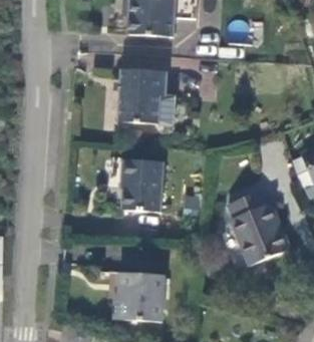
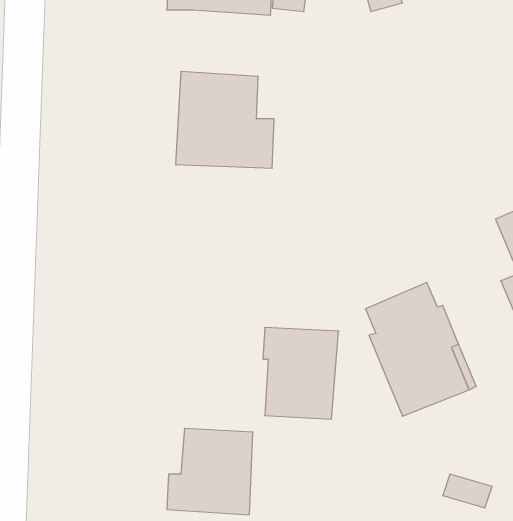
building: [120,159,164,212] -> [263,328,339,419]

